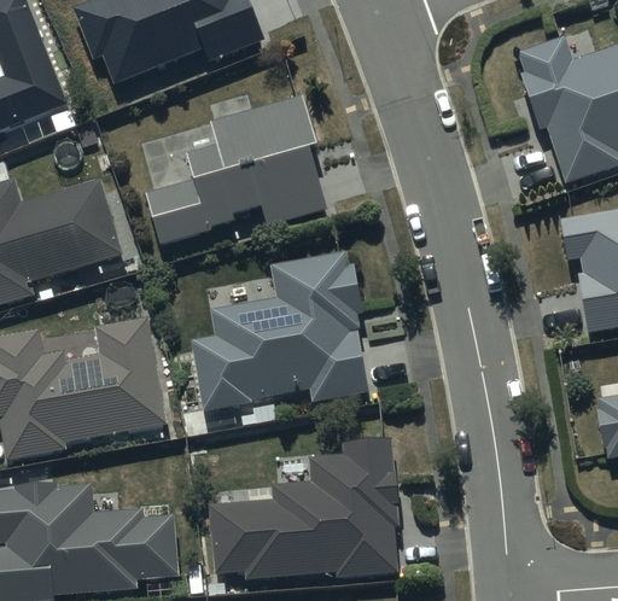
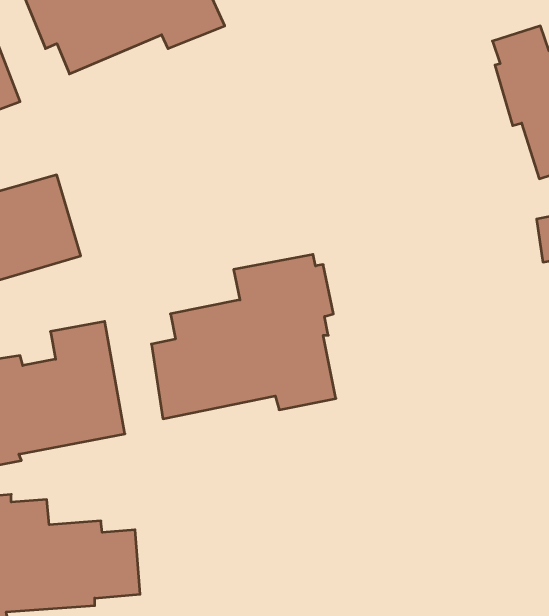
building: [147,95,325,246] -> none
building: [210,439,400,582] -> none

